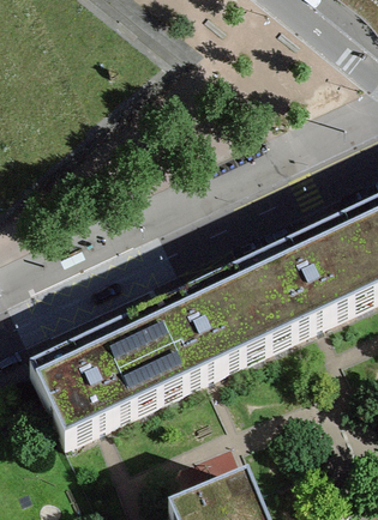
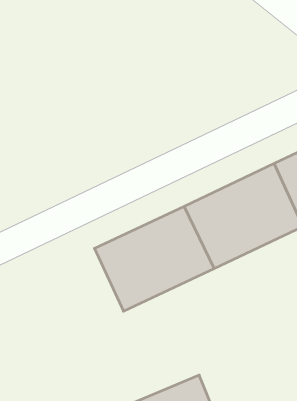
building: [30,327,157,446] -> none

